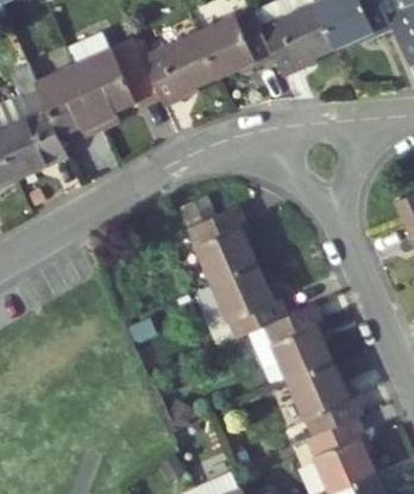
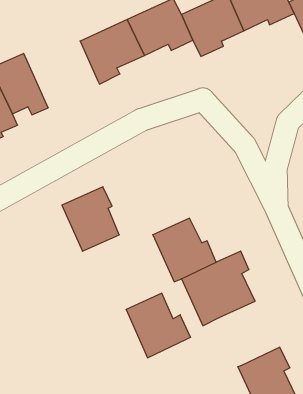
building: [58,46,144,137] -> none
building: [184,210,251,284] -> [62,187,119,251]
building: [286,362,360,437] -> [126,293,191,358]

